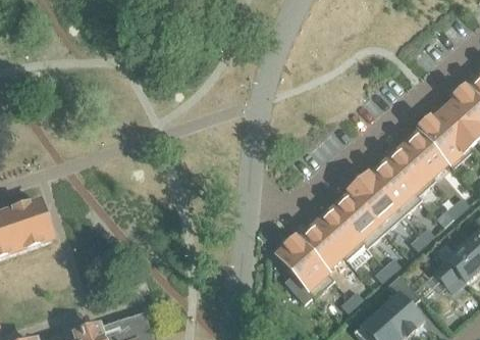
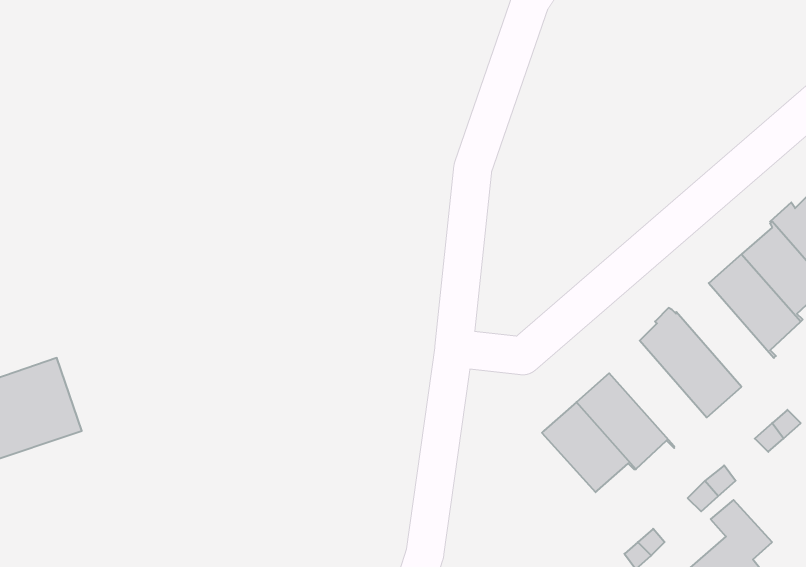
building: [368,158,420,214] -> none
building: [331,190,384,246] -> none
building: [278,236,334,297] -> none

